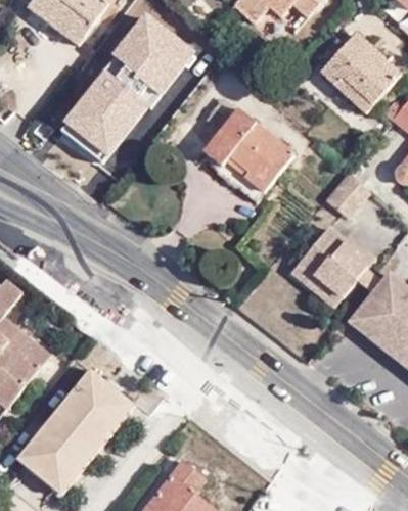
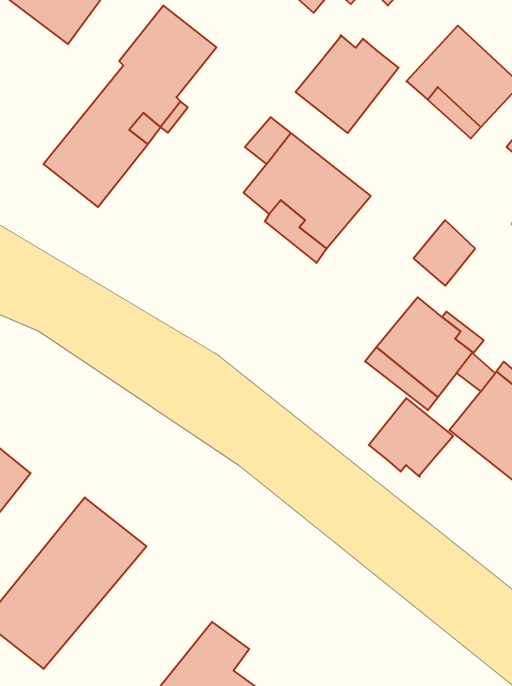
building: none -> [296,35,399,133]
building: none -> [369,398,453,477]

